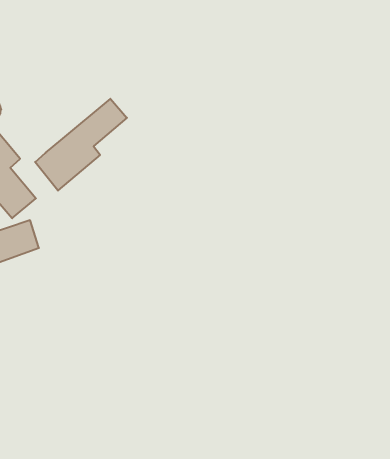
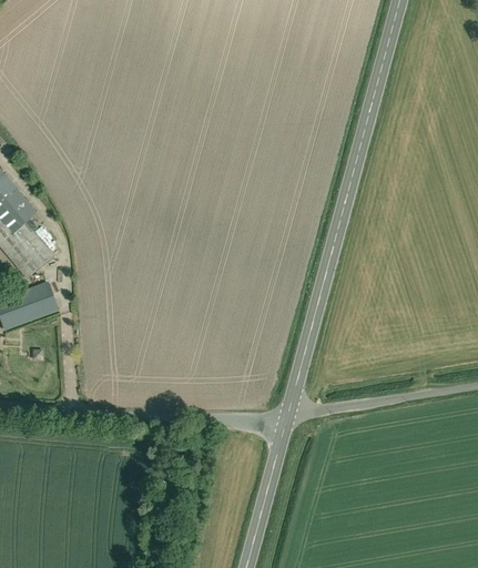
building: [35,99,127,191] -> none

